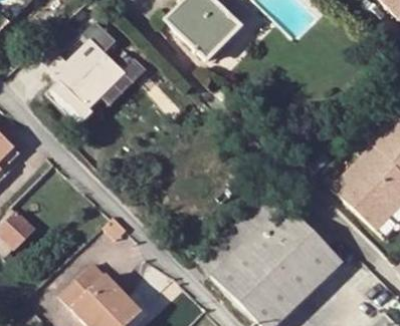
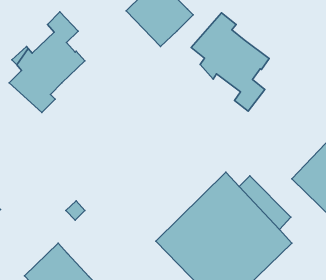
building: none -> [191,13,269,111]
building: [99,51,146,106] -> none

